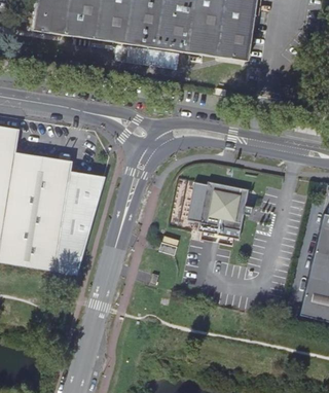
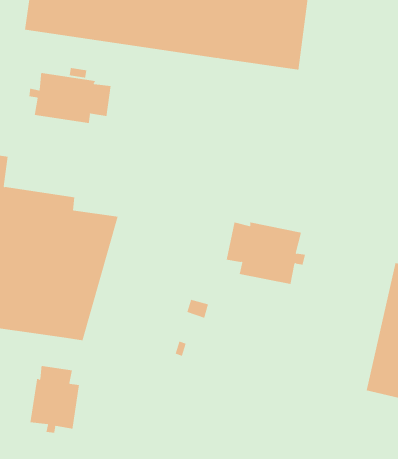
building: none -> [29,72,111,124]
building: none -> [30,365,80,433]

